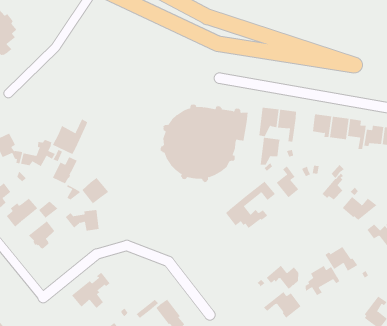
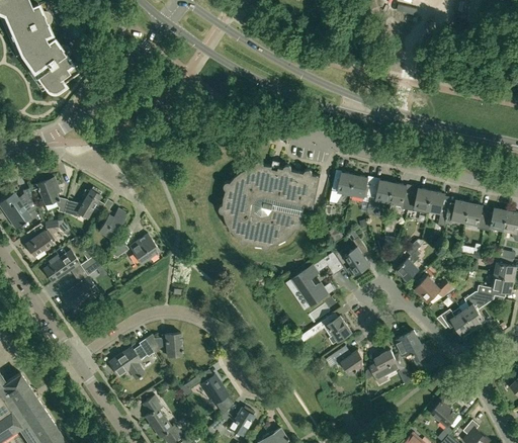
building: [52,118,88,155] -> none
building: [260,137,281,165] -> [367,178,393,209]
building: [65,209,99,231] -> [144,333,181,356]
building: [263,291,301,318] -> [308,314,350,344]

